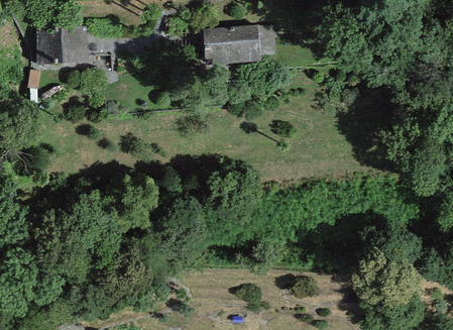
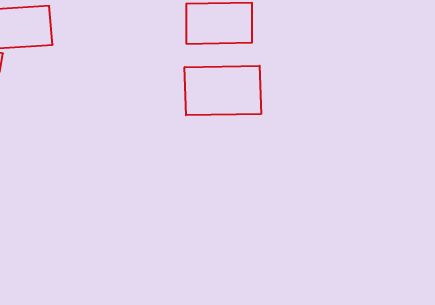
building: none -> [185,66,261,115]

